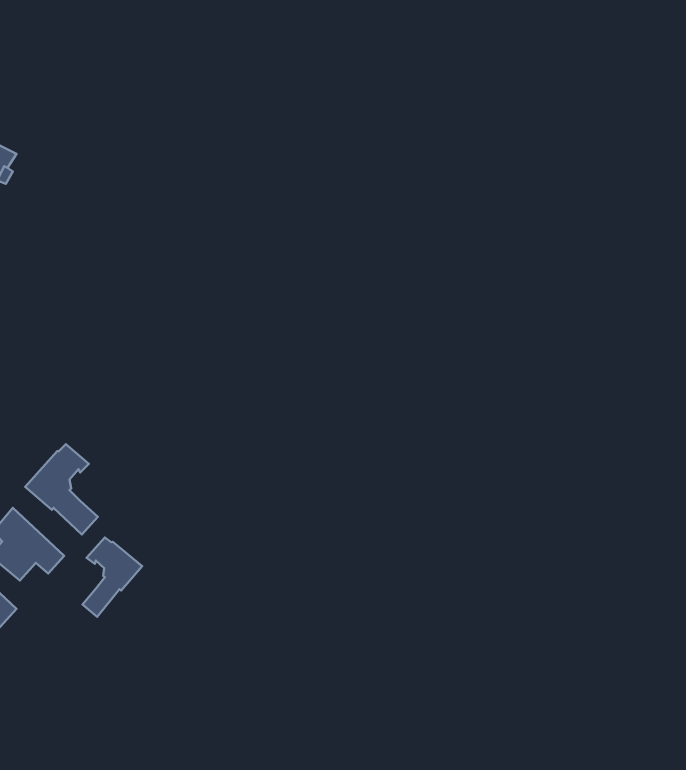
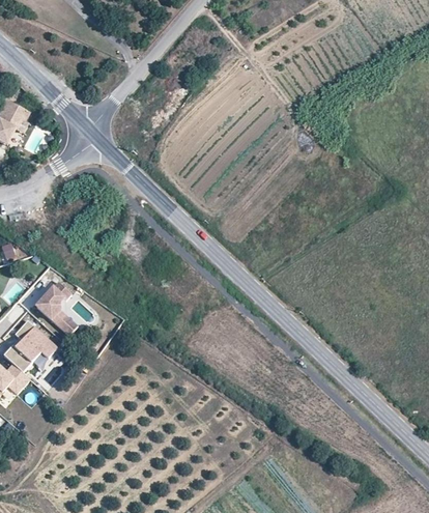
building: [83,537,142,617] -> none

